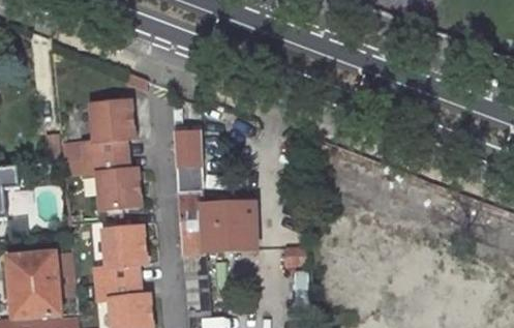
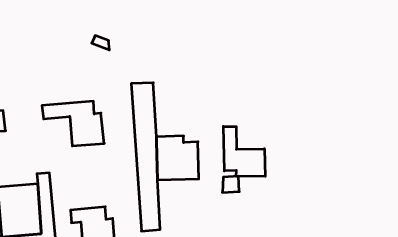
building: [62,98,133,157] -> none
building: none -> [223,126,265,176]
building: [96,228,147,286] -> none

